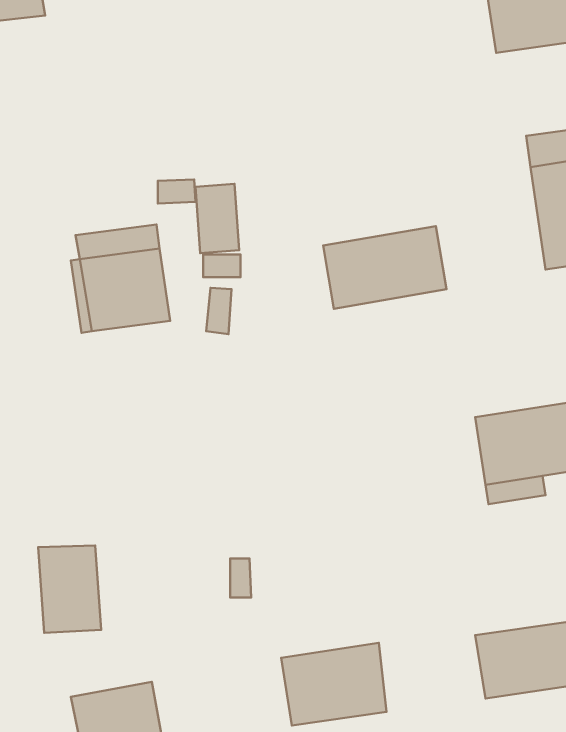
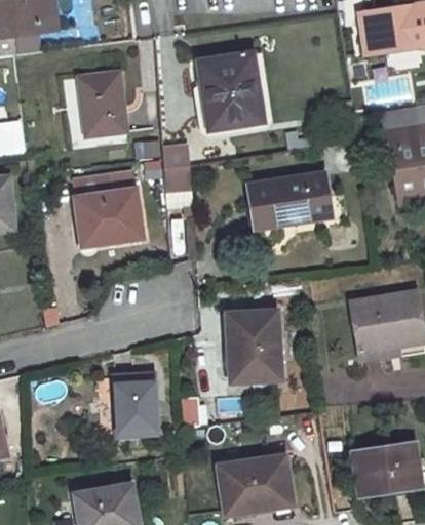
building: none -> [199,53,262,127]
building: none -> [80,72,127,134]
building: none -> [229,311,280,379]
building: [38,546,101,633] -> [114,374,157,434]

